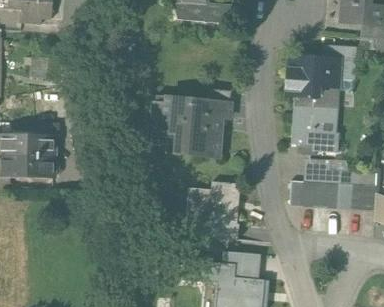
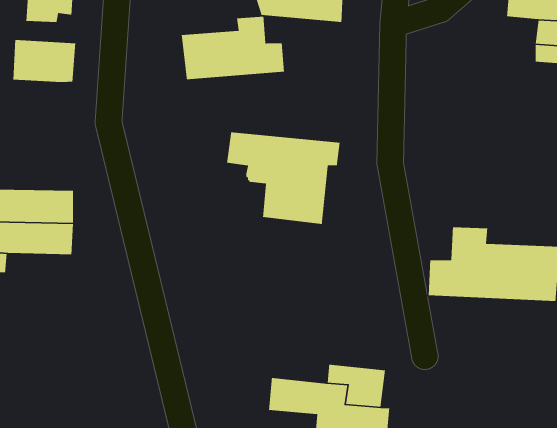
building: none -> [181,16,285,80]
building: none -> [13,39,76,83]
building: [286,45,354,149] -> none
building: [186,181,240,239] -> none

